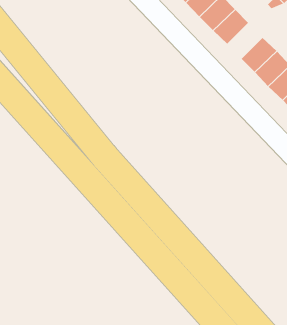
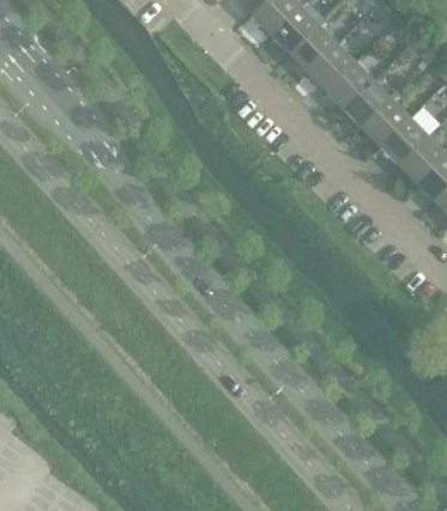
building: none -> [345,80,392,128]

